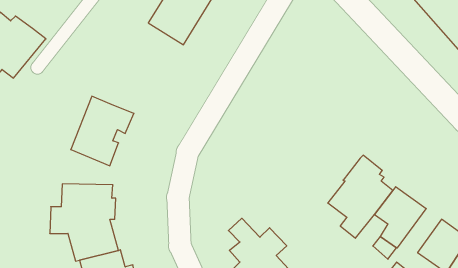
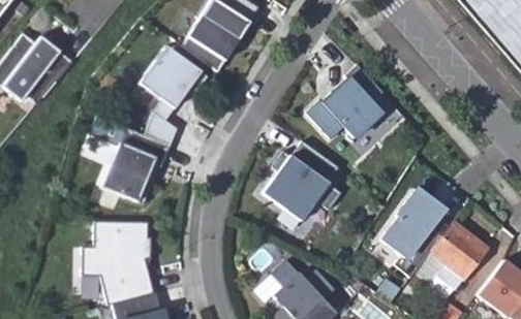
building: none -> [137,45,207,145]
building: none -> [306,63,385,138]
building: none -> [263,140,341,220]

